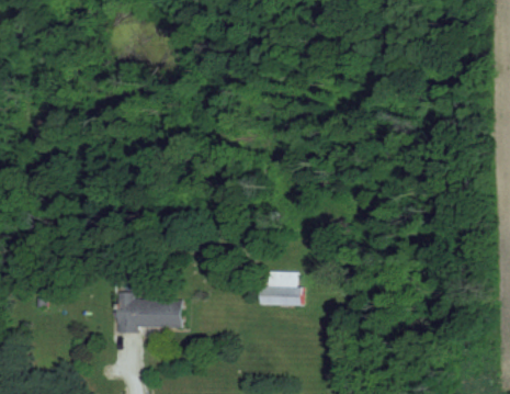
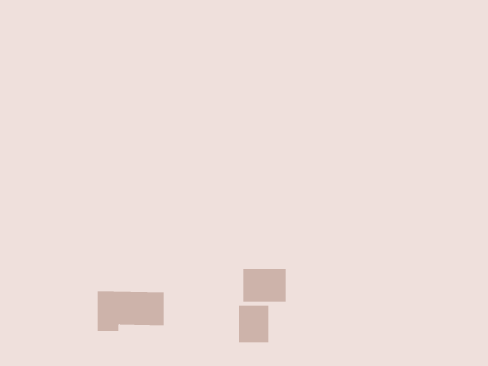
building: none -> [238,305,269,343]

